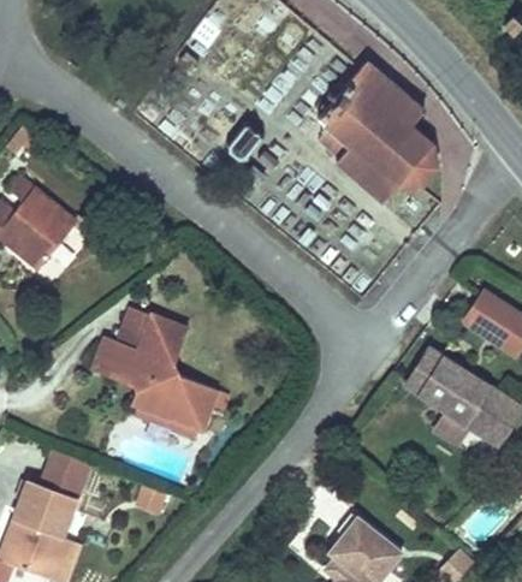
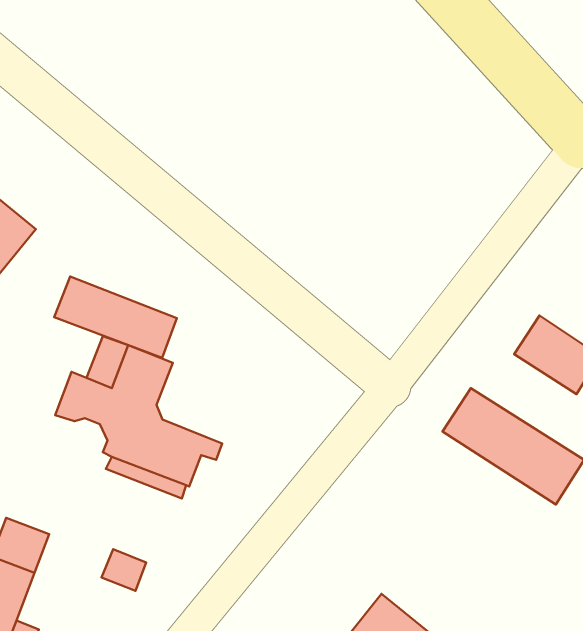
building: [316,61,439,201] -> none
building: none -> [54,277,177,358]

